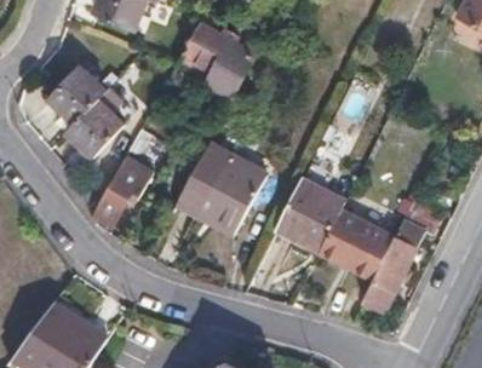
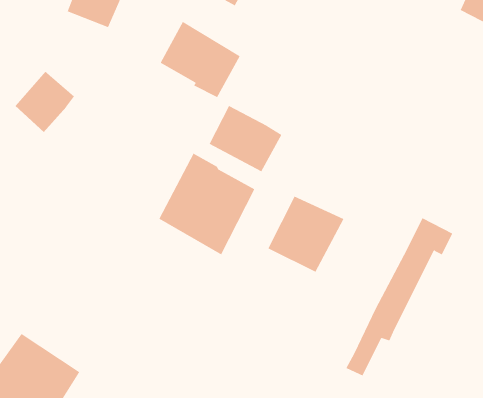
building: none -> [209,105,282,172]
building: [65,100,121,157] -> none
building: [88,154,153,228] -> none
building: [315,206,396,282] -> none

